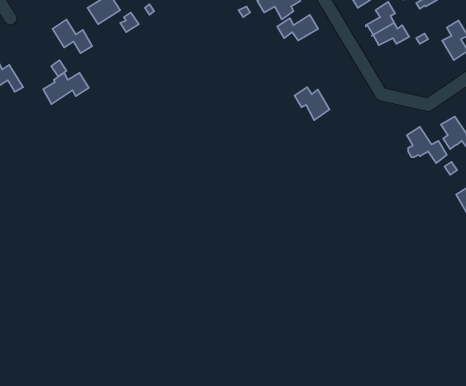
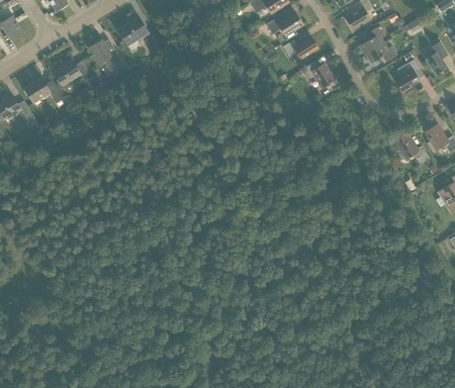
building: none -> [394,59,423,92]
building: [43,73,89,104] -> [53,58,92,85]
building: [294,87,329,120] -> [303,60,334,88]

